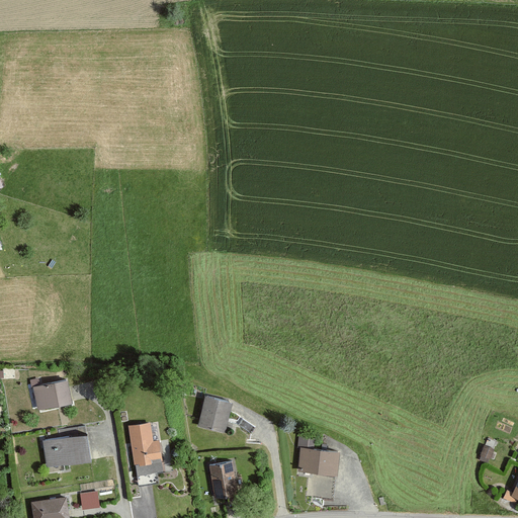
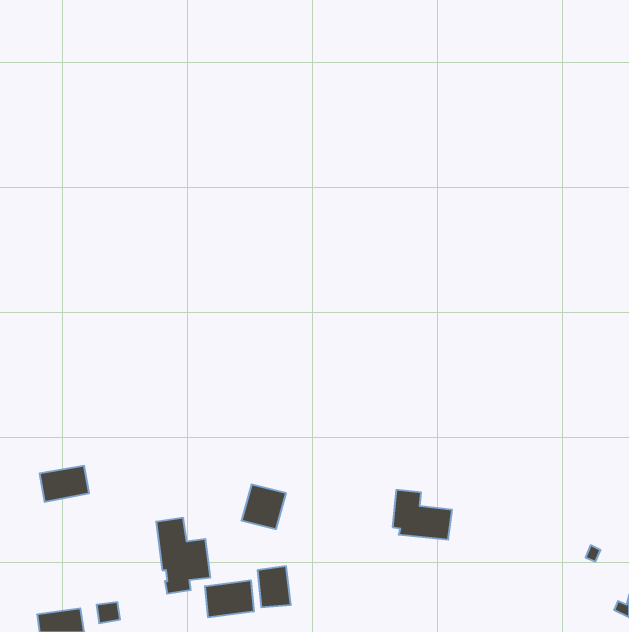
building: [293,435,342,476] -> [393,490,452,540]
building: [41,436,92,467] -> none
building: none -> [205,580,254,617]

